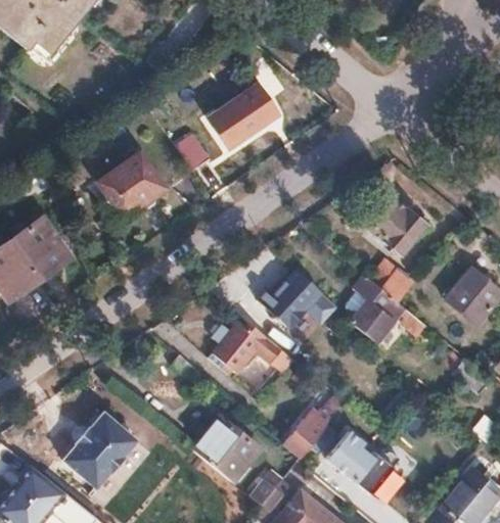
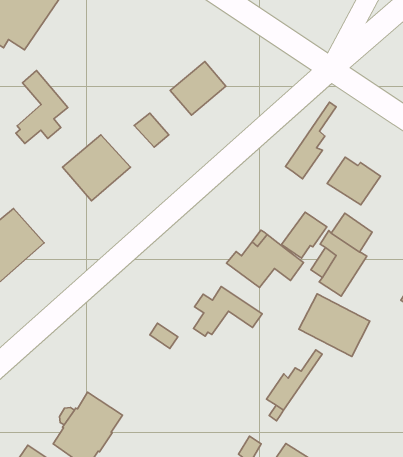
building: none -> [16,70,68,144]
building: none -> [285,102,336,179]
building: none -> [281,212,327,258]
building: [192,417,260,482] -> none
building: [324,427,399,495] -> [299,294,370,356]

